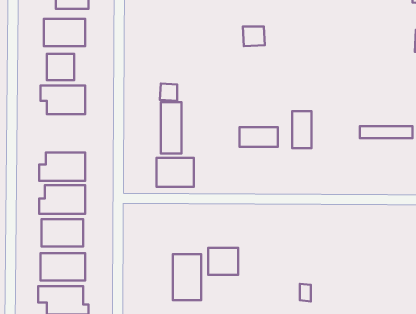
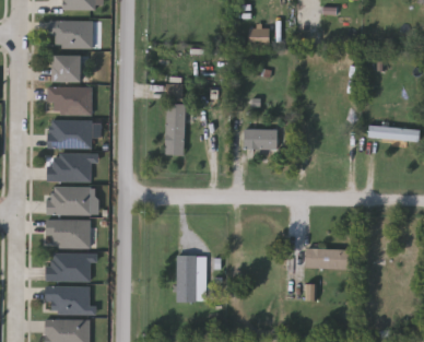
building: [292,111,312,148] -> none
building: none -> [47,120,92,148]
building: [156,158,194,187] -> none
building: none -> [308,248,354,268]
building: [208,248,238,275] -> none

